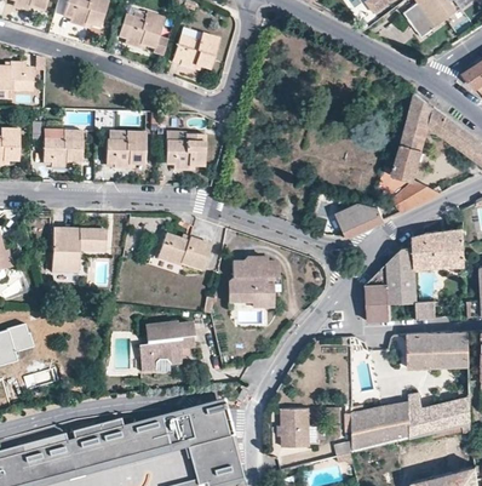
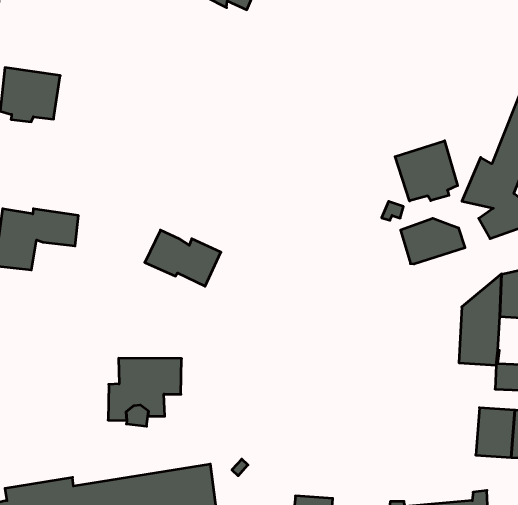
building: [105,131,145,170] -> none
building: [165,132,205,172] -> none
building: none -> [395,141,458,201]
building: [229,258,276,307] -> none
building: [365,264,389,321] -> none

